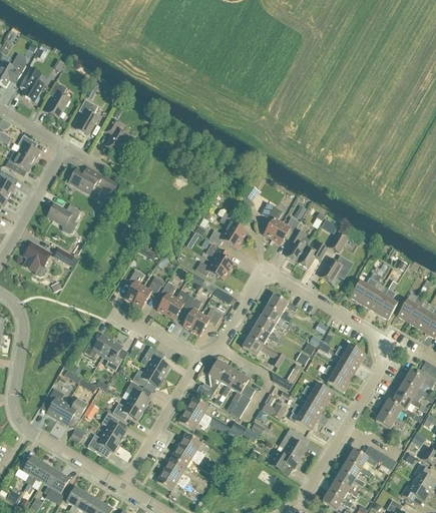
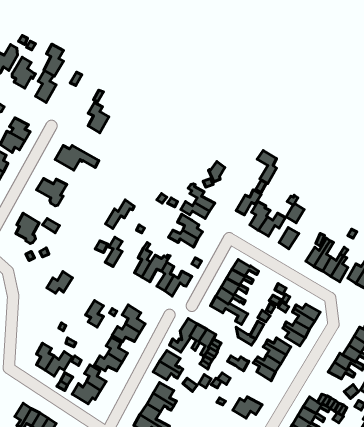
building: [76,98,98,134] -> [44,44,63,76]
building: [260,201,282,238] -> [257,150,277,183]
building: [133,275,165,307] -> [106,200,134,228]
building: [83,333,112,357] -> [47,272,73,293]
building: [279,429,307,457] -> none

